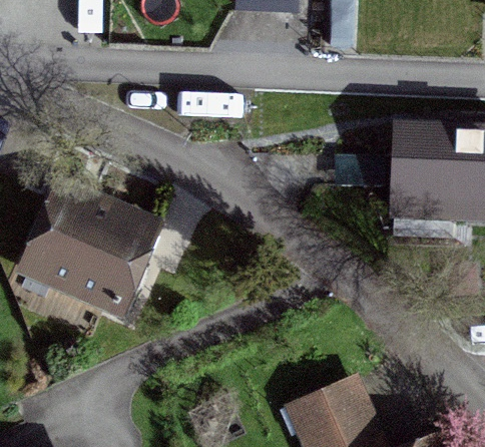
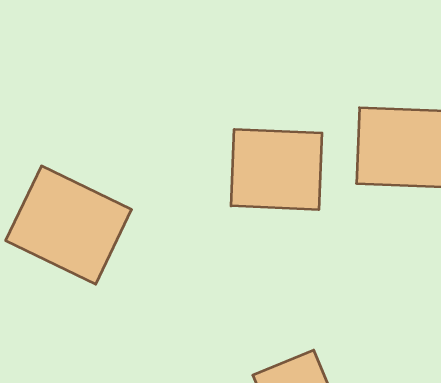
building: none -> [231,129,322,210]

